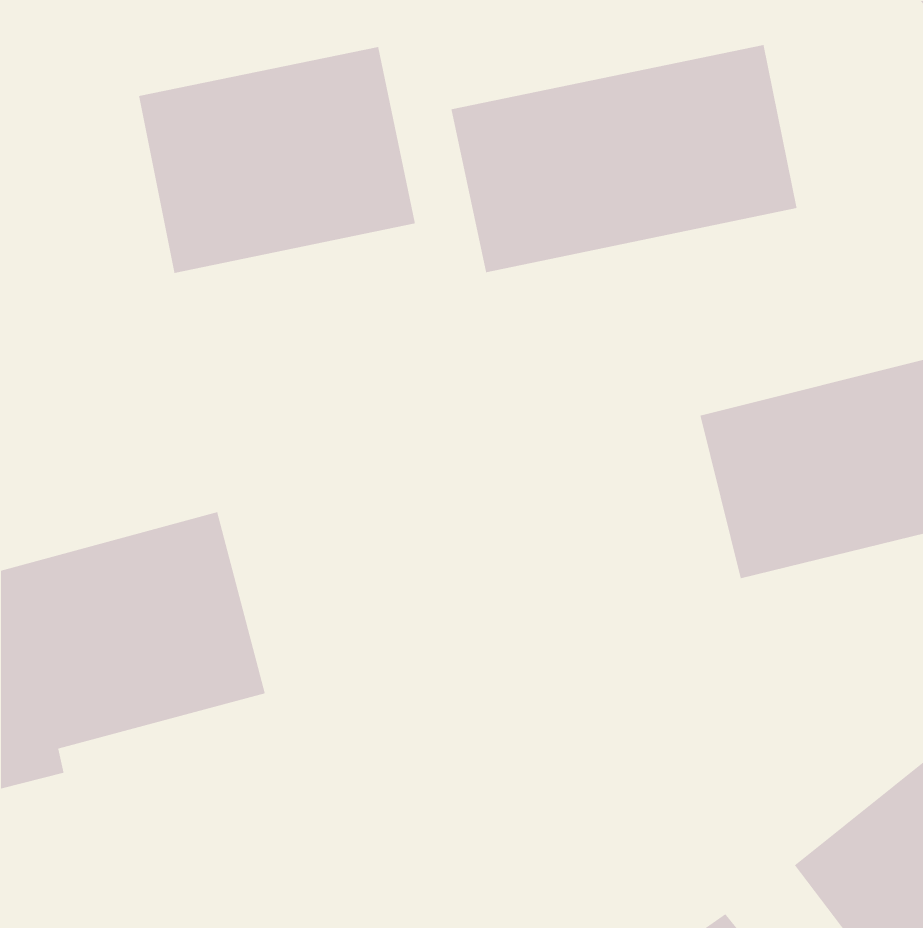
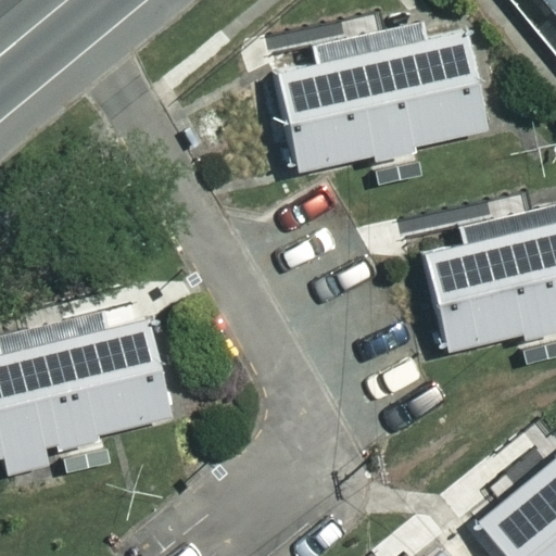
building: [138,46,416,274] -> none

